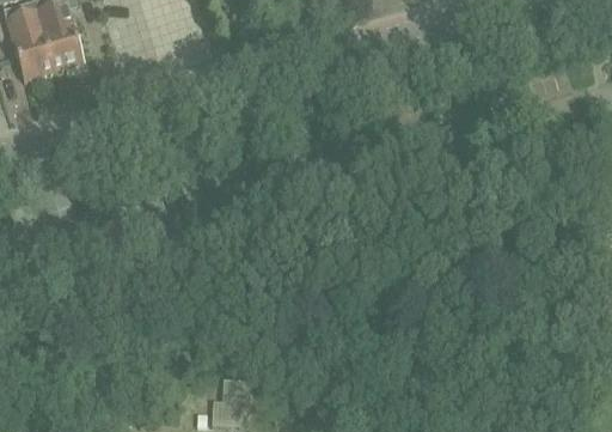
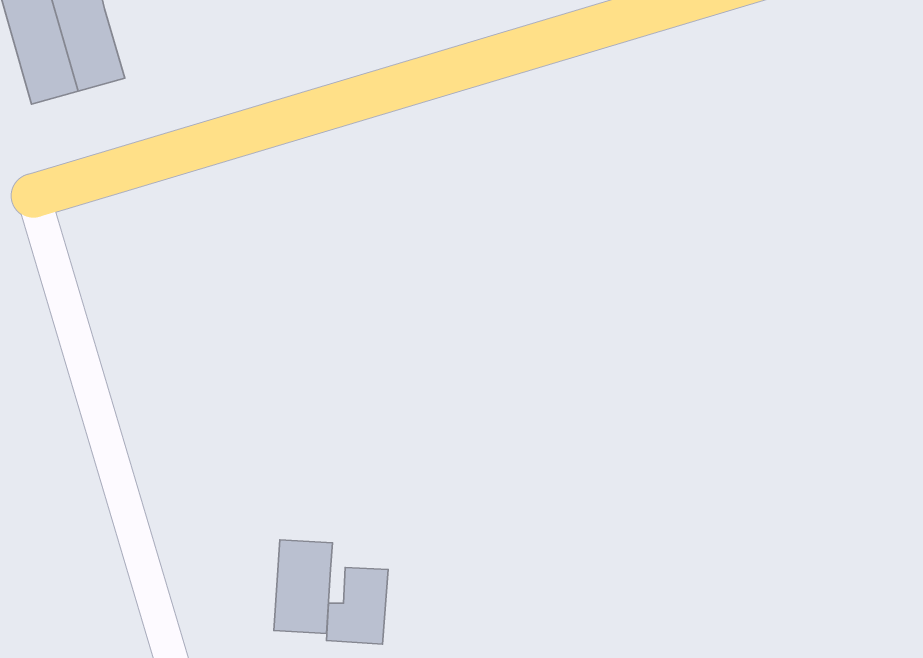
building: none -> [274,540,333,634]

